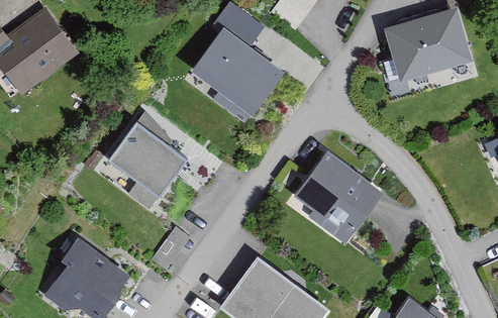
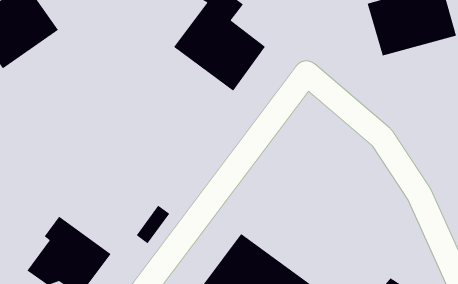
building: [108,112,184,209] -> none
building: [293,152,382,243] -> none

